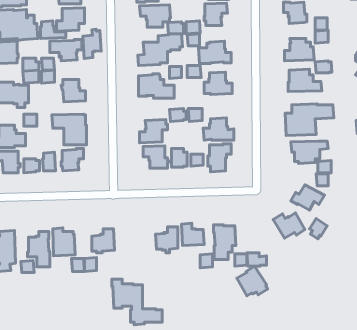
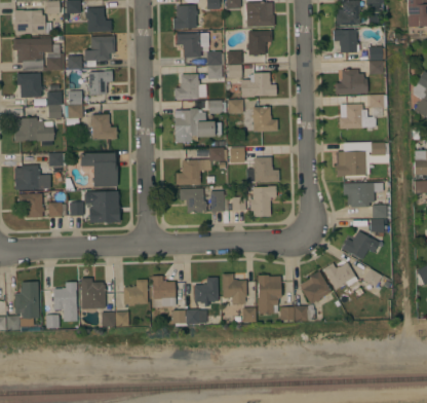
building: [83,29,101,59] -> none
building: [237,266,268,296] -> [299,271,333,304]
building: [112,279,162,325] -> [151,277,206,327]

